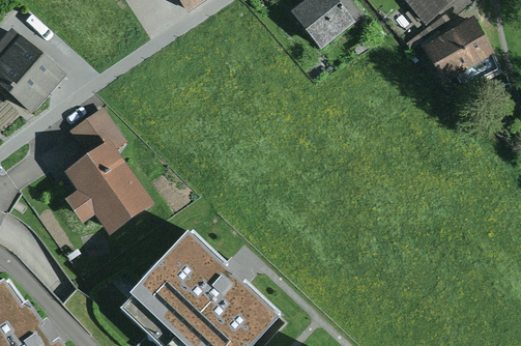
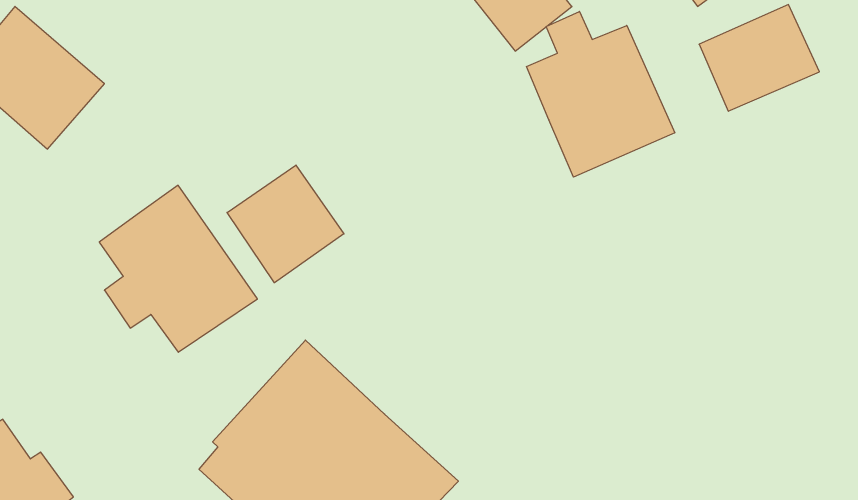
building: none -> [527,11,675,177]
building: [68,107,117,151] -> none
building: none -> [227,165,344,283]

